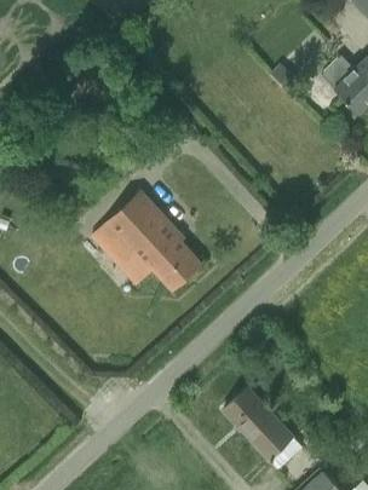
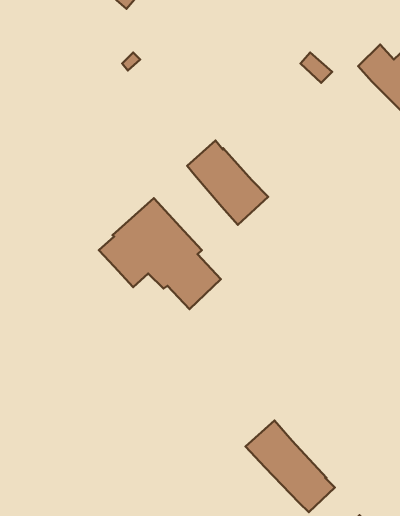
building: none -> [187,140,268,225]

